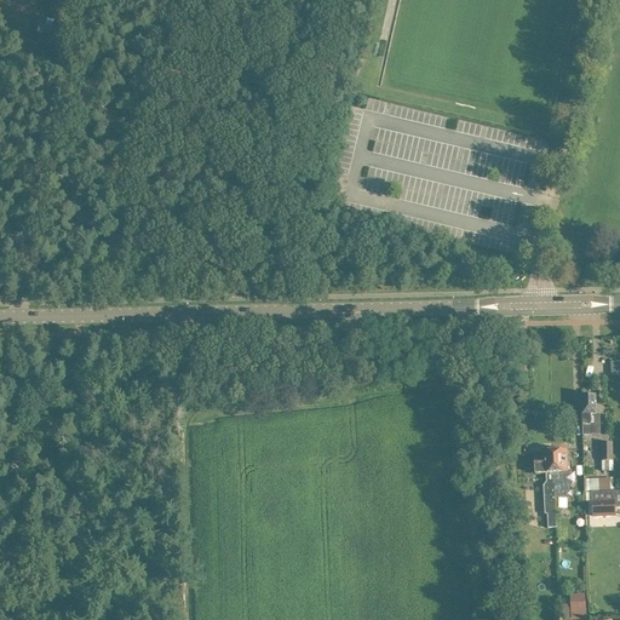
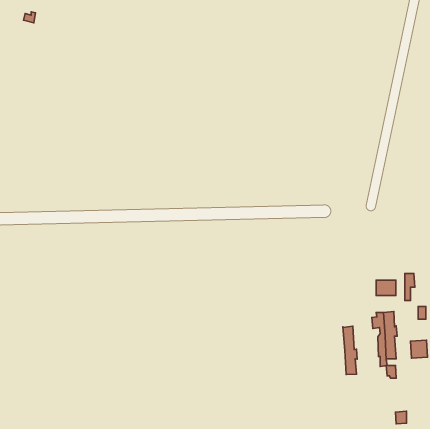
building: none -> [376,280,396,296]
building: none -> [343,326,357,374]

